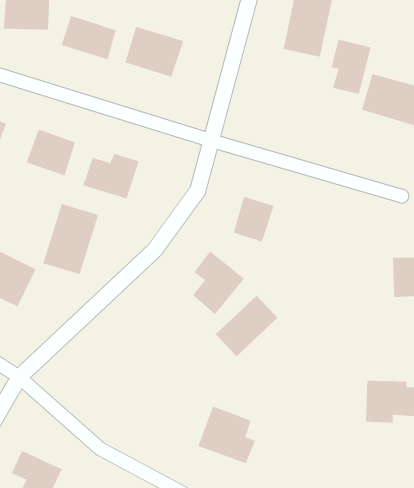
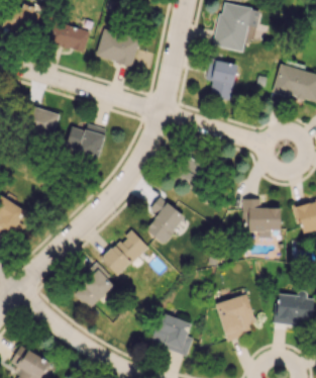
building: [331,39,372,95] -> [208,59,238,100]
building: [42,203,99,275] -> none
building: none -> [243,198,281,238]
building: [215,295,278,357] -> [101,229,148,276]
building: none -> [72,264,114,309]
building: none -> [216,294,255,340]

